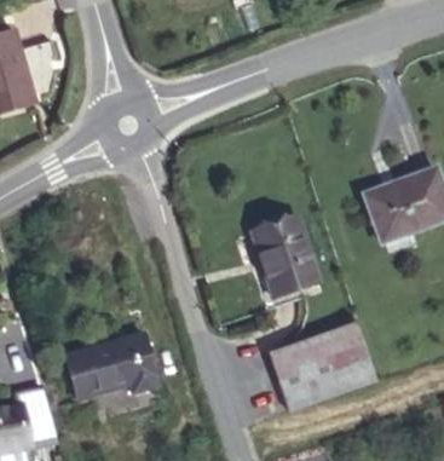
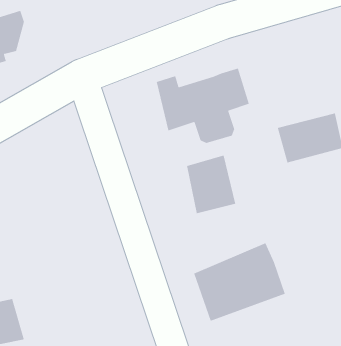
building: none -> [156,67,250,144]
building: [68,334,157,398] -> none

